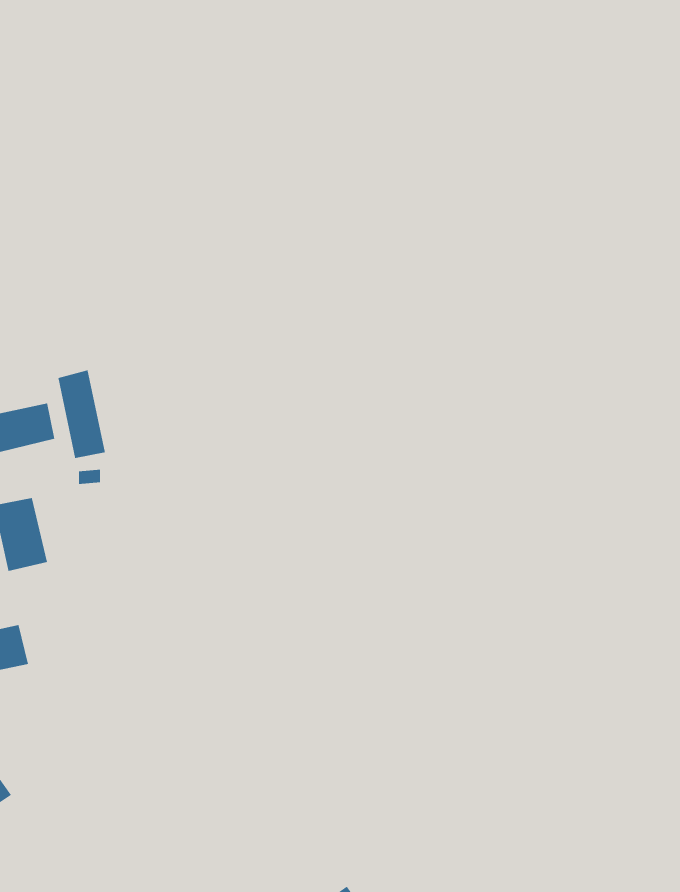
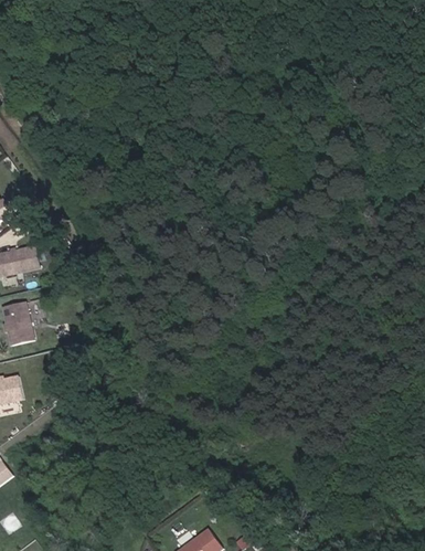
building: [58,369,106,459] -> none

